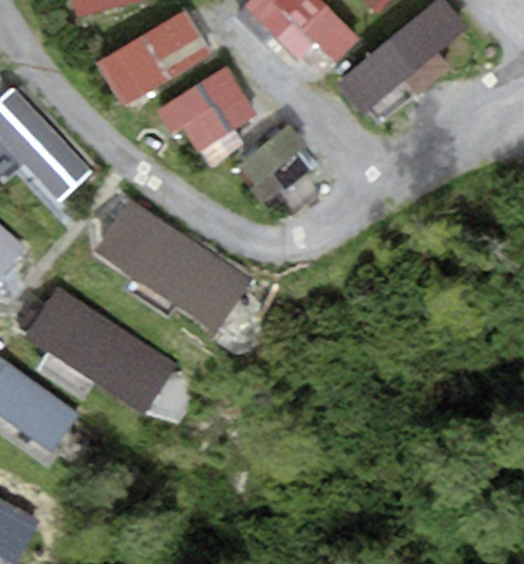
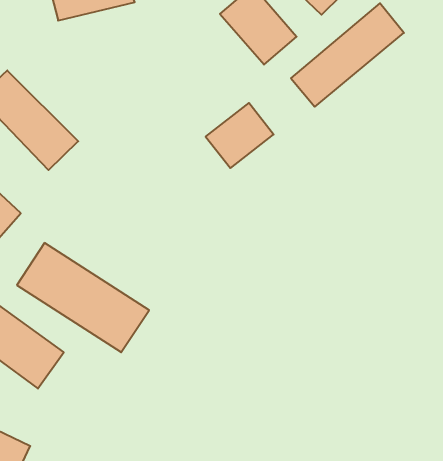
building: [99,11,209,104] -> none
building: [170,65,256,147] -> none
building: [95,200,248,329] -> none

